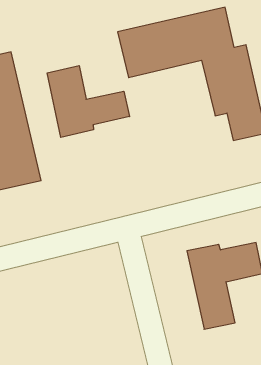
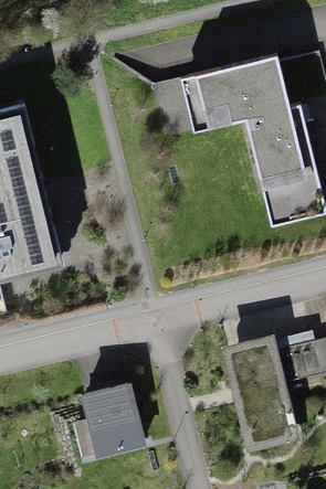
building: [47,66,130,137] -> none
building: none -> [83,385,143,458]

